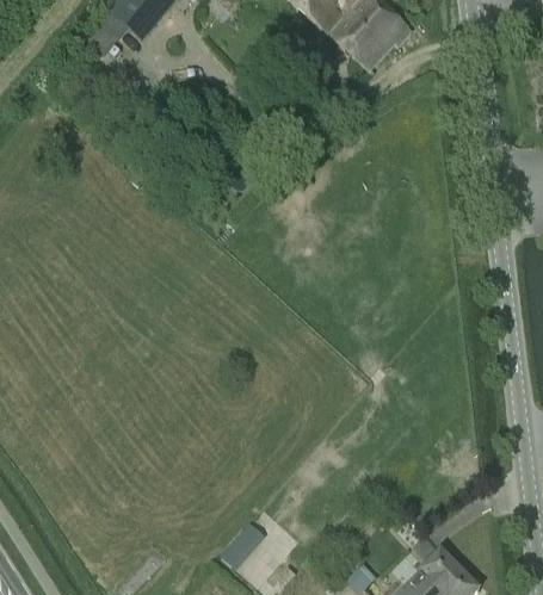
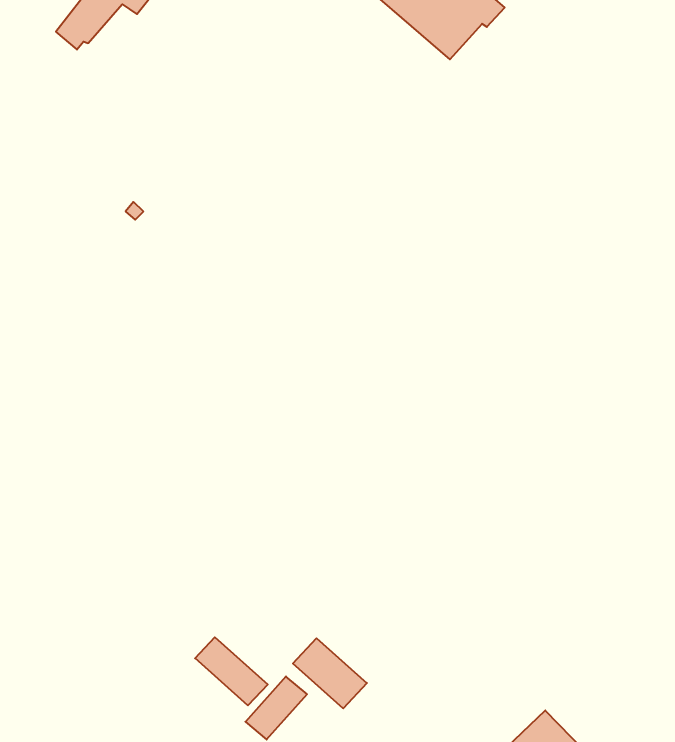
building: none -> [195,637,268,705]
building: none -> [293,638,367,708]

